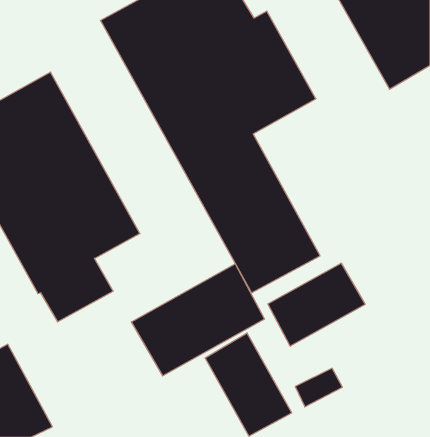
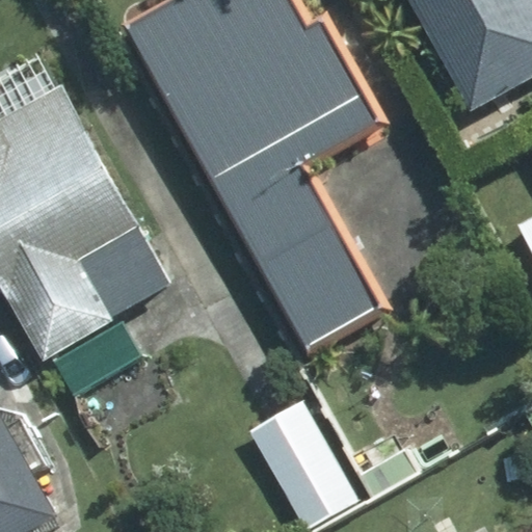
building: [268,263,365,346] -> none
building: [131,264,264,376] -> none

